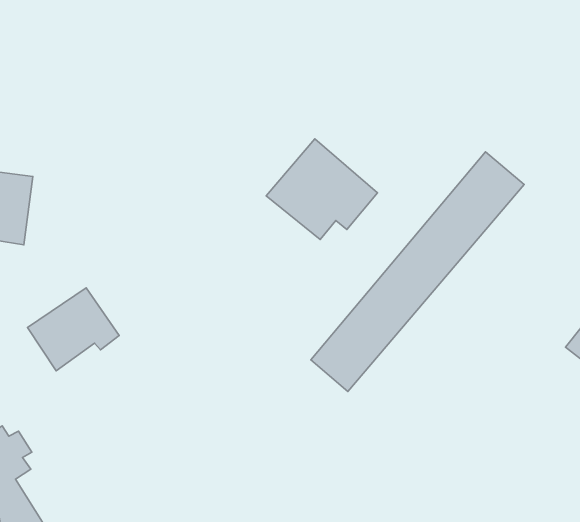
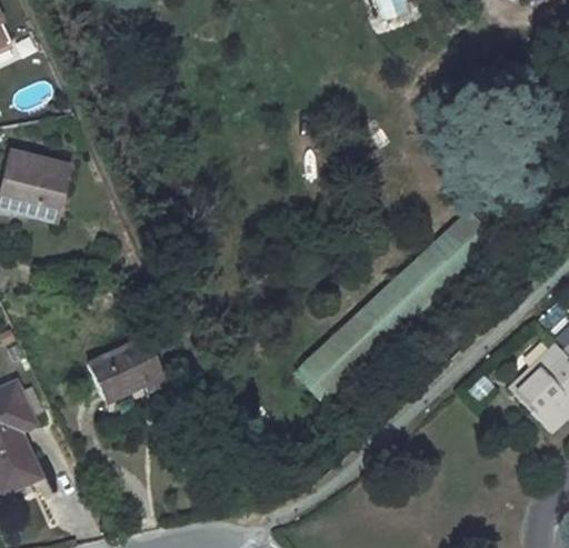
building: [266,139,377,239] -> none
building: [28,288,119,371] -> [87,335,164,402]

